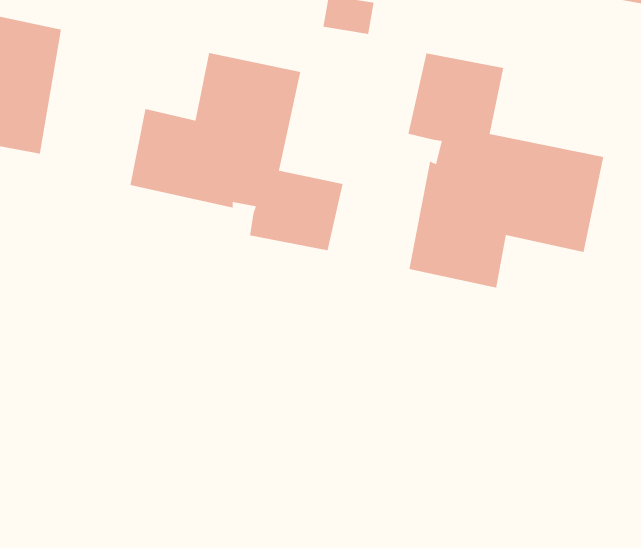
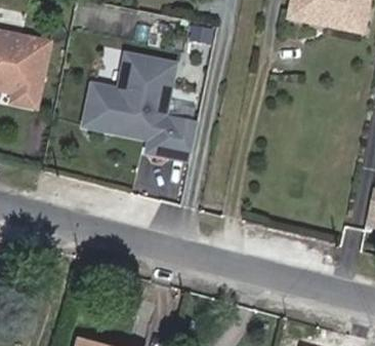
building: [408,52,604,289] -> none

